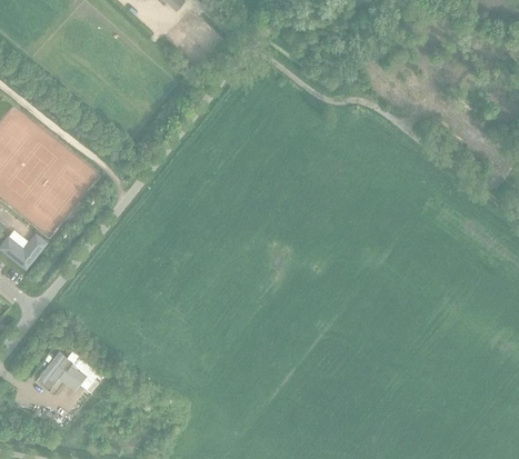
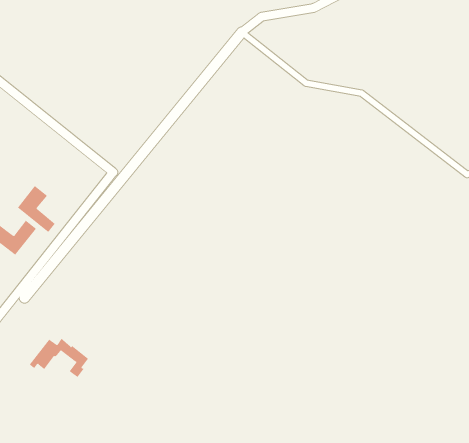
building: none -> [17,185,55,233]

